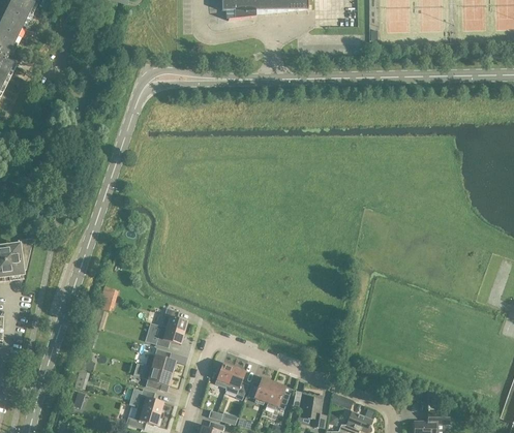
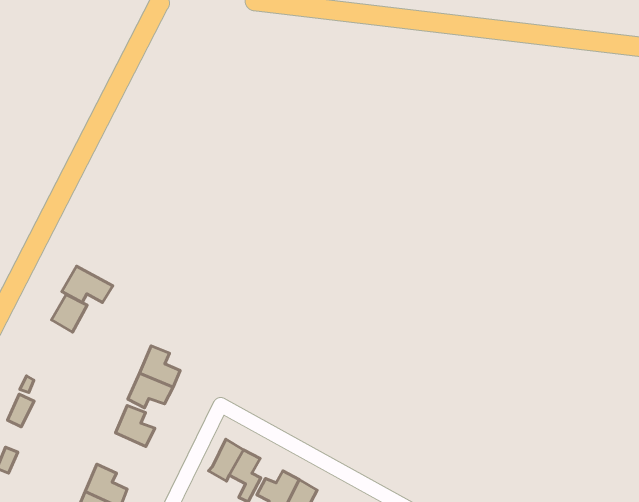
building: none -> [62,266,113,303]
building: [142,365,171,389] -> none

